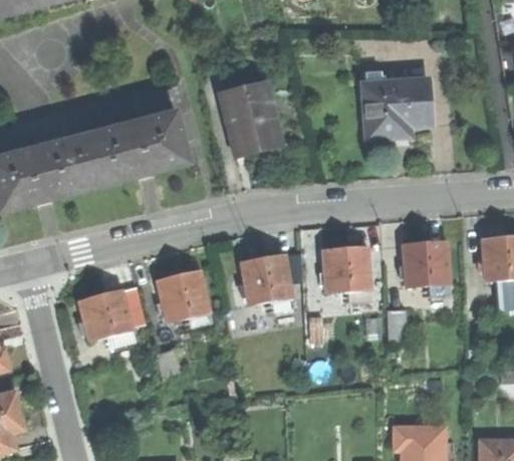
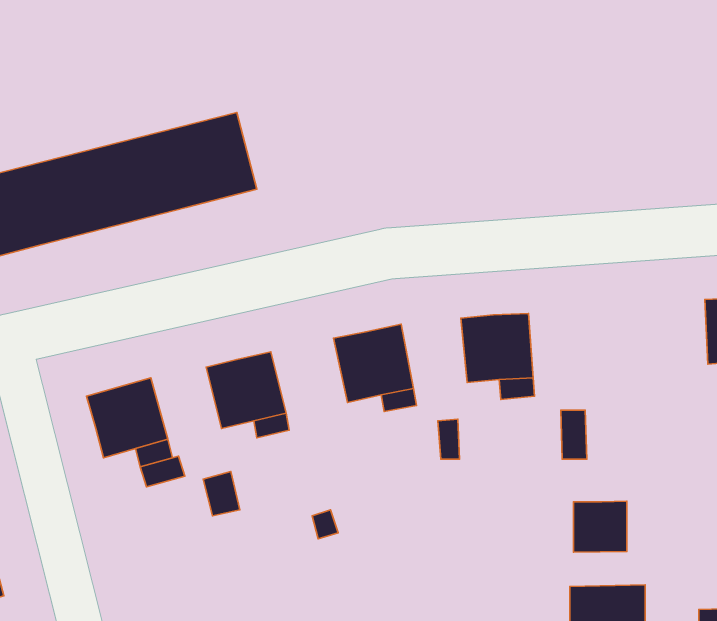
building: [221,78,281,153] -> none
building: [362,79,428,136] -> none
building: [404,239,450,285] -> none
building: none -> [573,501,627,552]

